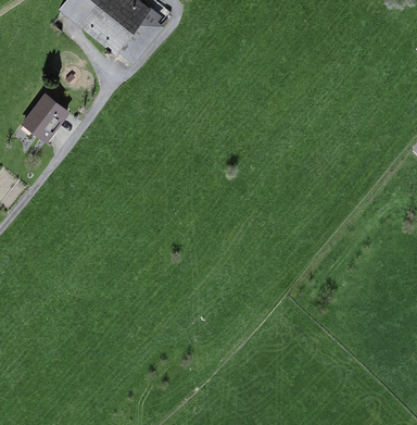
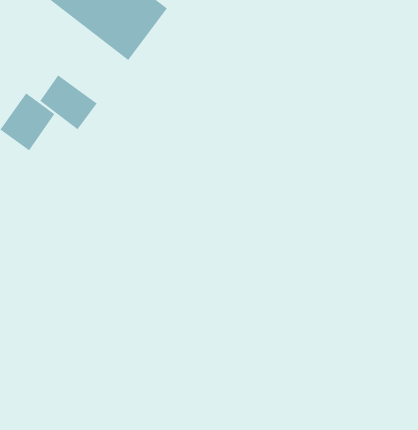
building: none -> [40,75,98,130]

